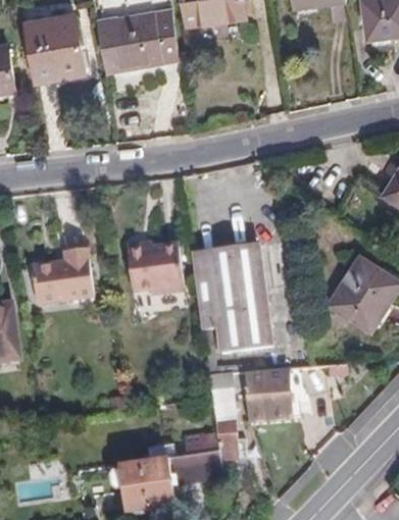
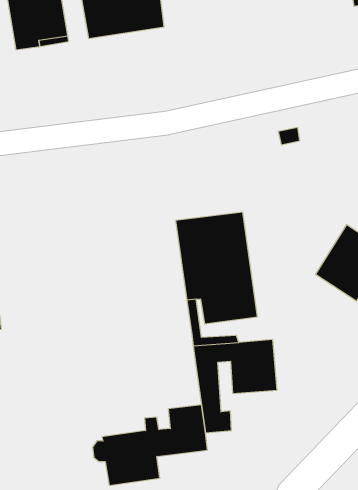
building: [127,242,184,294] -> none
building: [32,248,93,303] -> none

